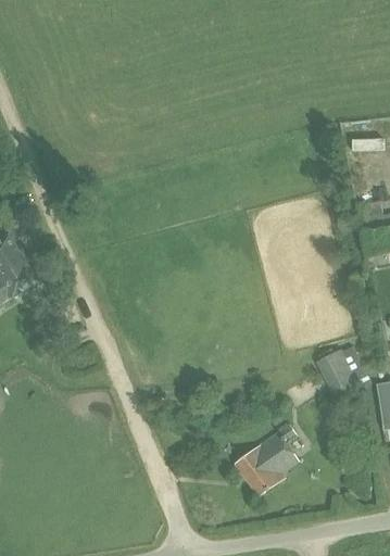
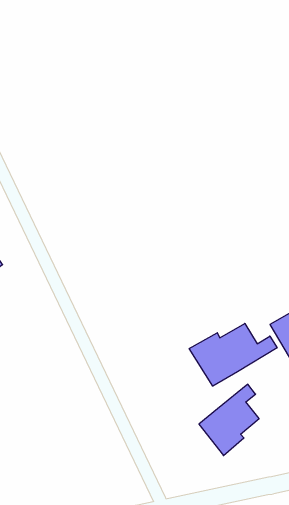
building: none -> [189,323,277,386]

